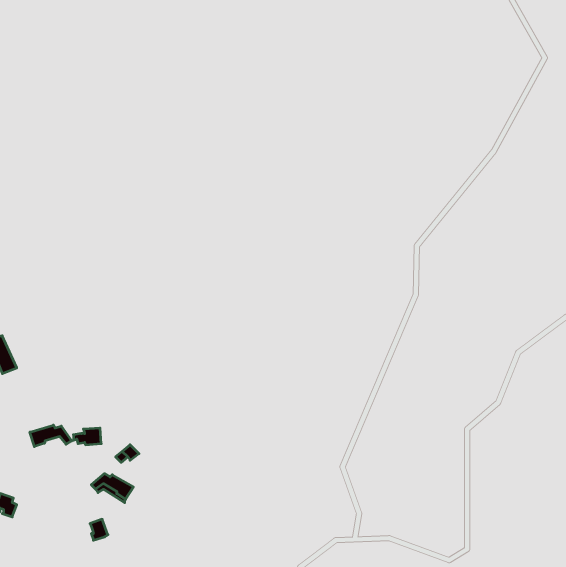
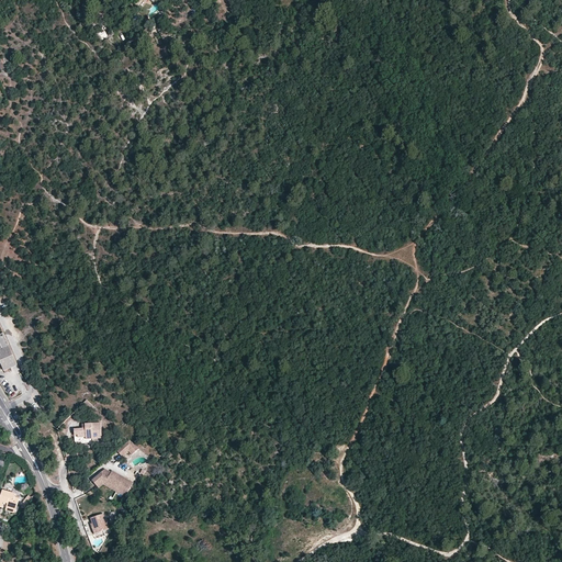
building: [30,425,72,447] -> none

